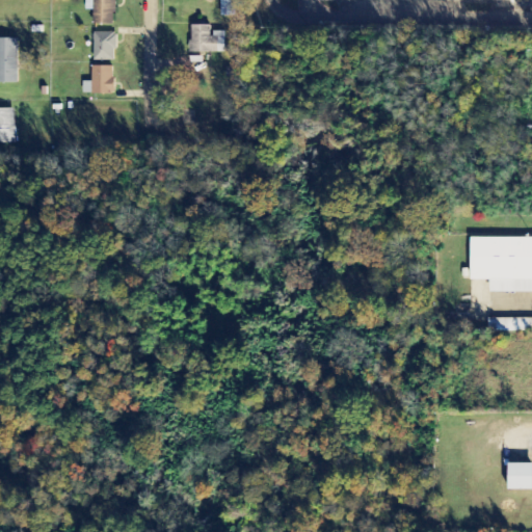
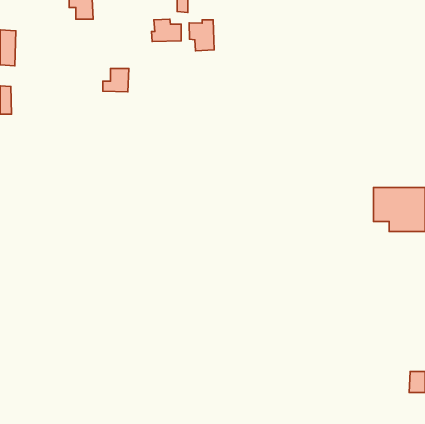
building: none -> [189,20,214,51]
building: [95,31,116,60] -> none
building: [84,65,116,95] -> [103,69,129,92]

